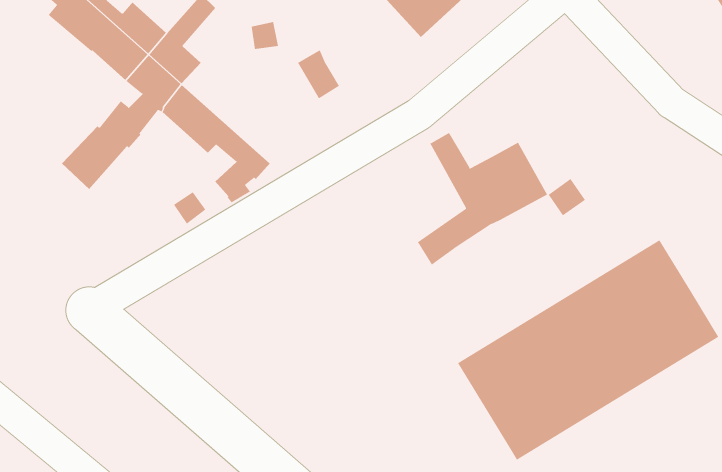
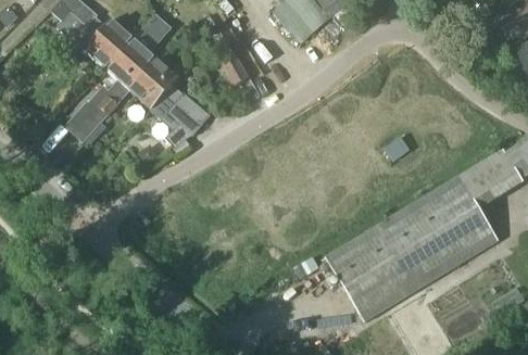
building: none -> [144,59,212,125]
building: [417,132,548,265] -> none

